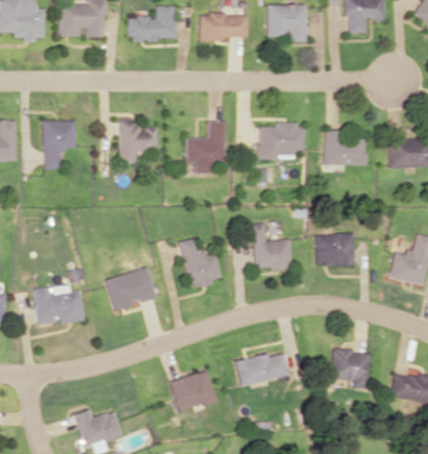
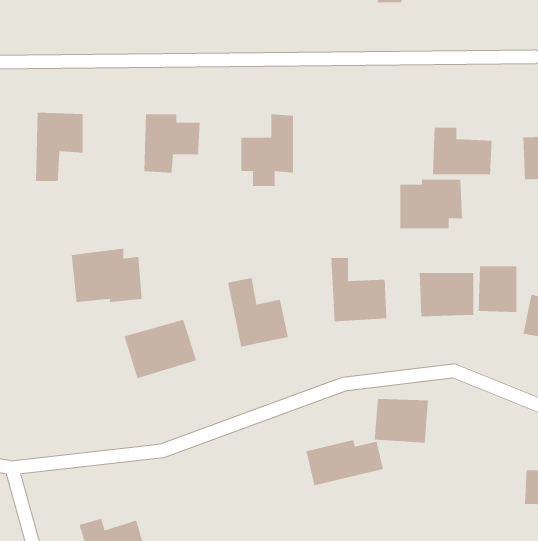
building: [261,123,306,158] -> [400,179,463,229]
building: none -> [478,265,517,313]
building: [33,284,85,323] -> [71,248,143,303]
building: [331,349,371,381] -> [374,398,429,443]
building: [170,368,218,411] -> none

